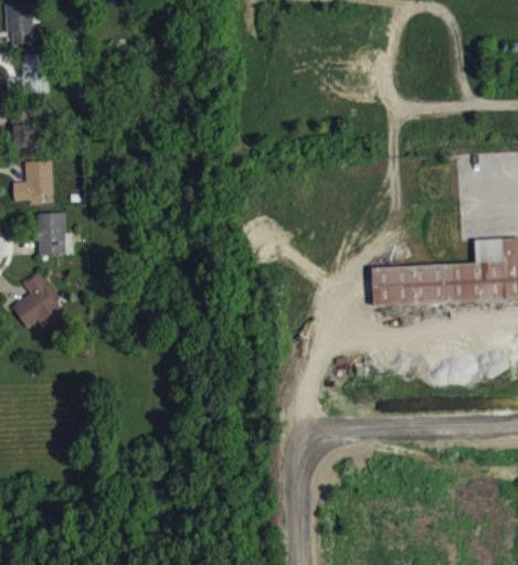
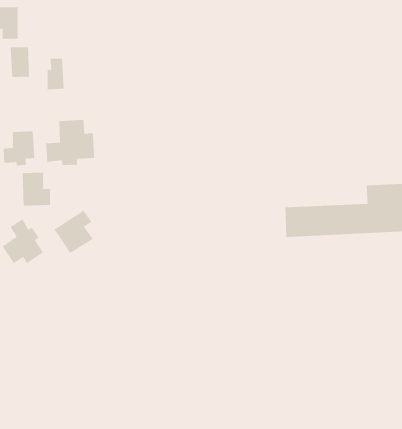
building: [14,115,36,154] -> [47,58,64,90]
building: none -> [46,119,95,166]
building: none -> [54,210,93,254]

